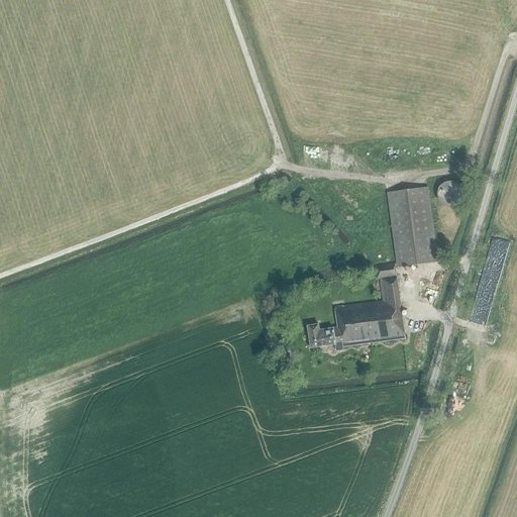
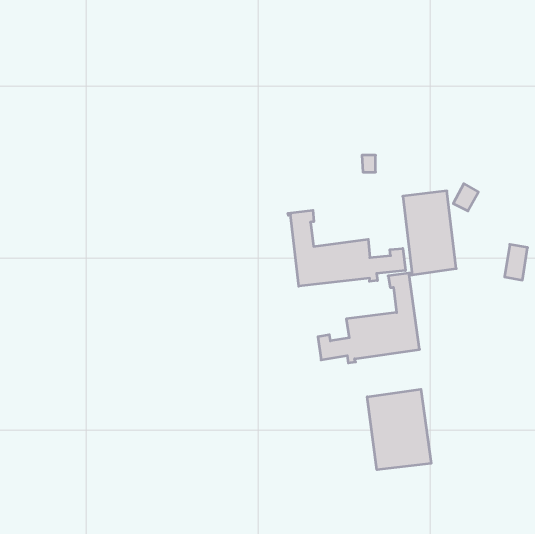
building: none -> [288,210,405,286]
building: none -> [367,389,431,470]

